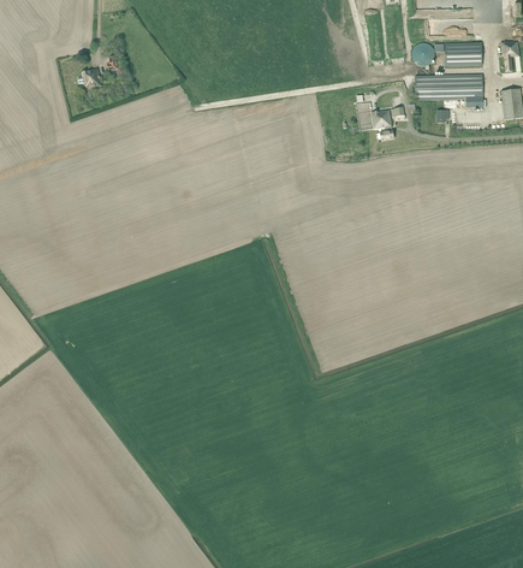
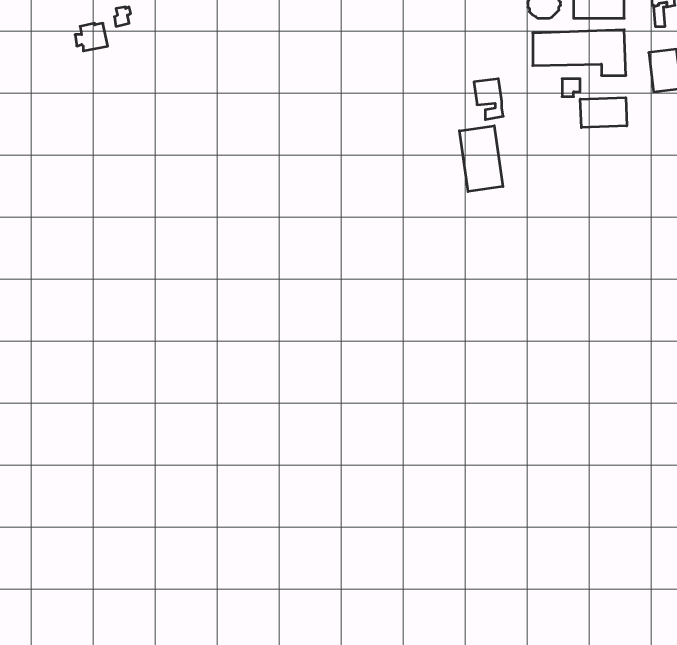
building: none -> [580,98,627,128]
building: none -> [459,126,503,192]

